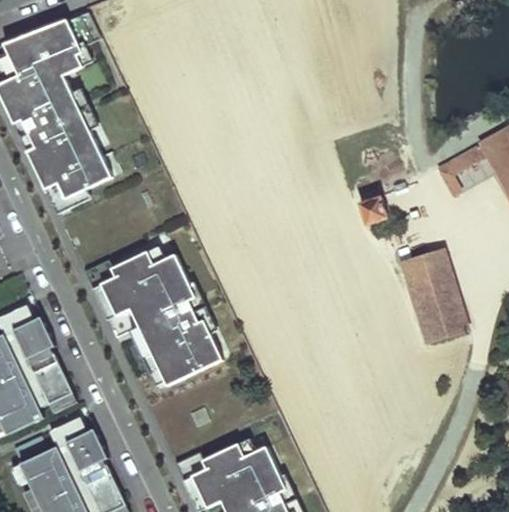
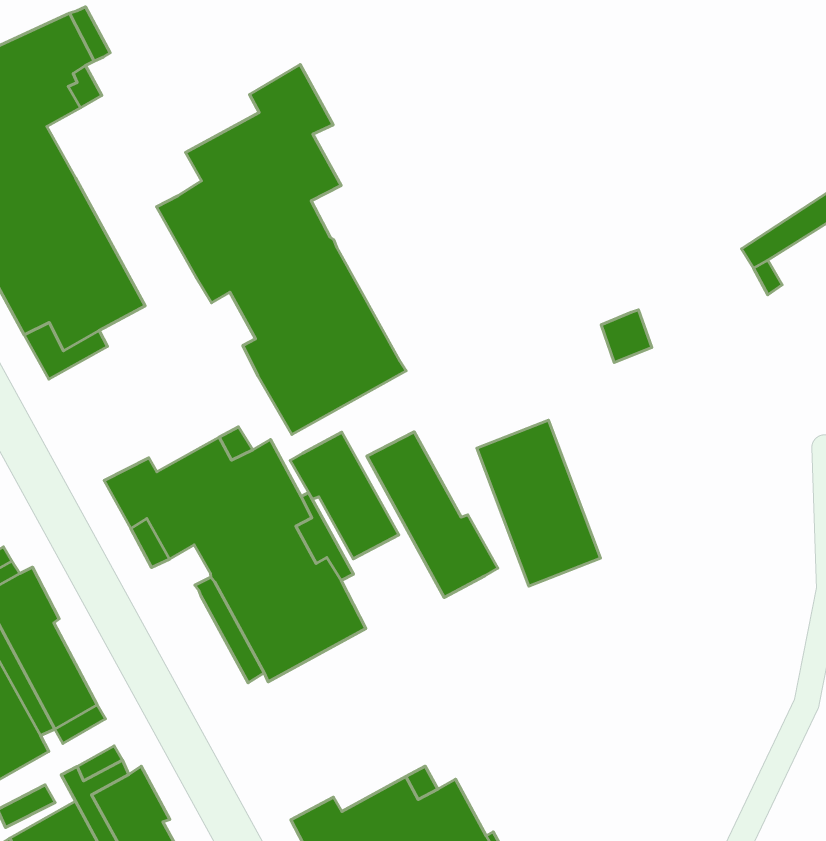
building: none -> [157,65,406,434]
building: [402,250,466,340] -> [477,420,601,586]
building: none -> [290,432,399,559]
building: none -> [367,432,498,597]

